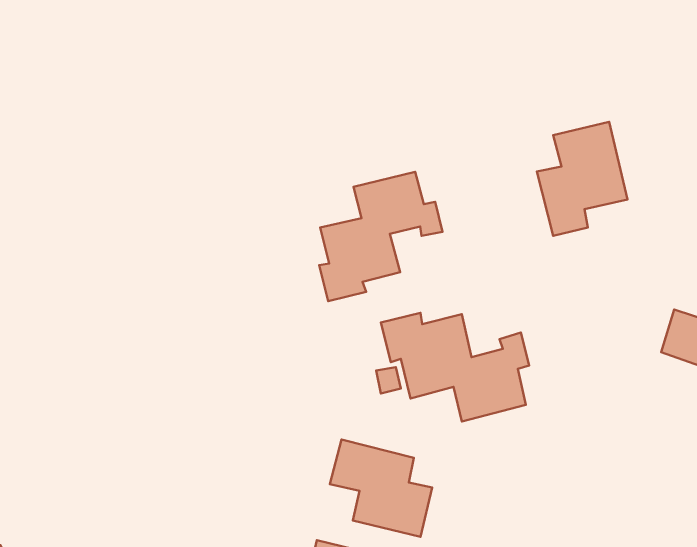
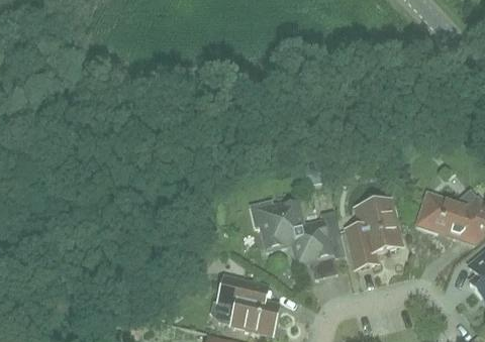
building: [537,122,627,236] -> [345,198,400,267]
building: [319,172,443,301] -> none

